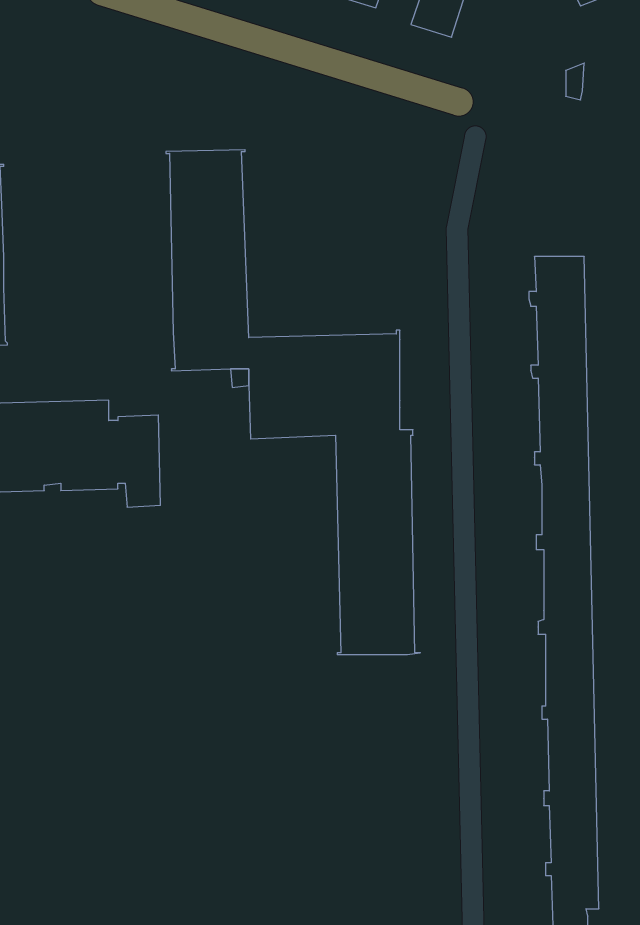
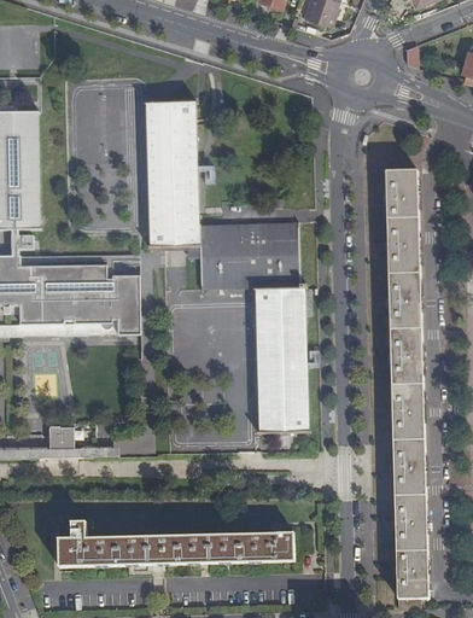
building: none -> [49,427,74,449]
building: none -> [57,519,292,565]

